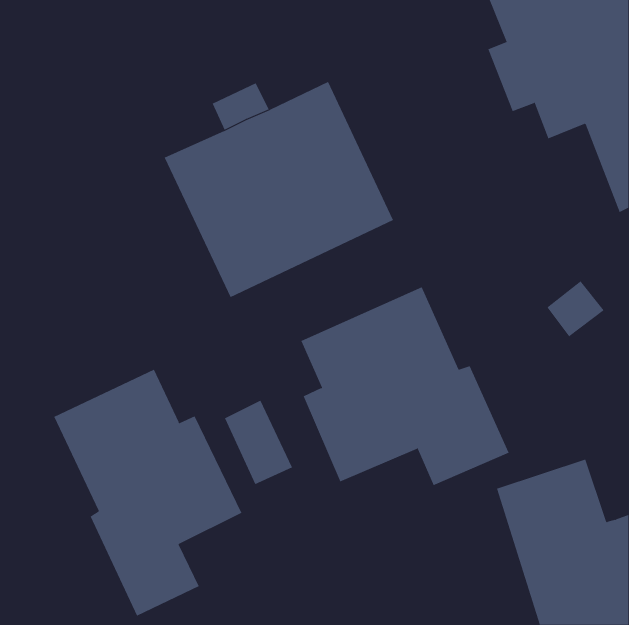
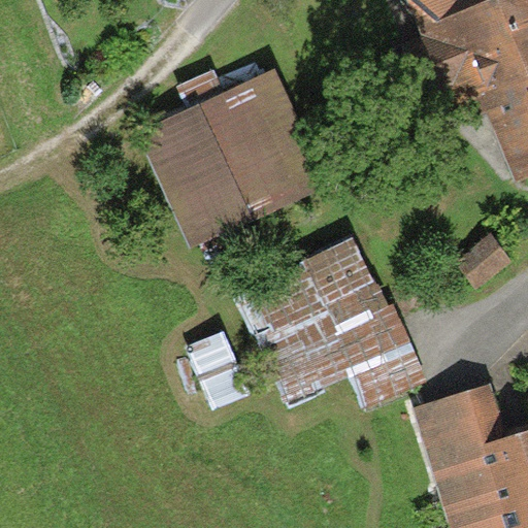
building: [54,369,242,617] -> none

